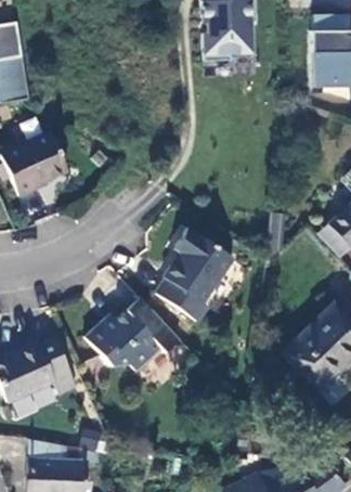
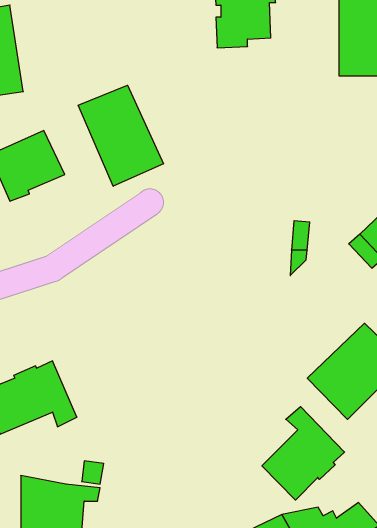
building: none -> [78,85,163,186]
building: [158,229,233,322] -> none
building: [87,298,181,372] -> none
building: none -> [262,407,345,500]

